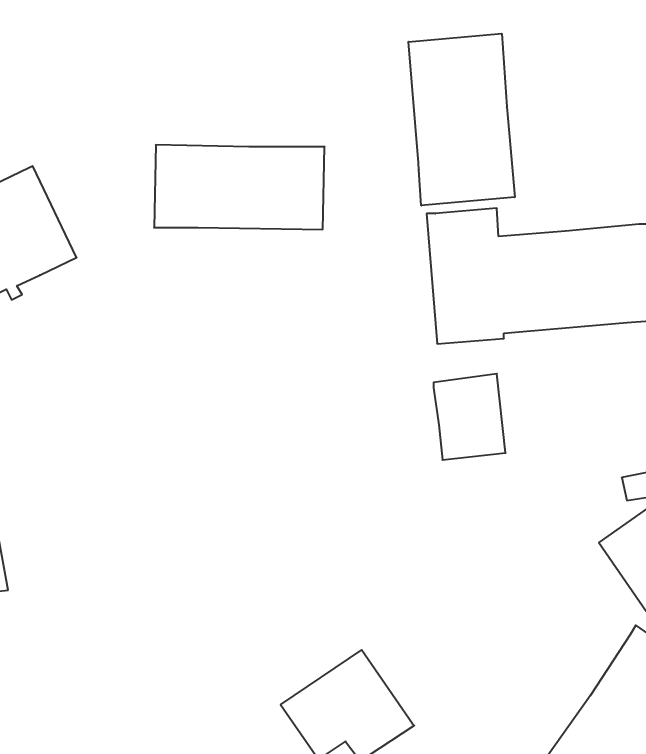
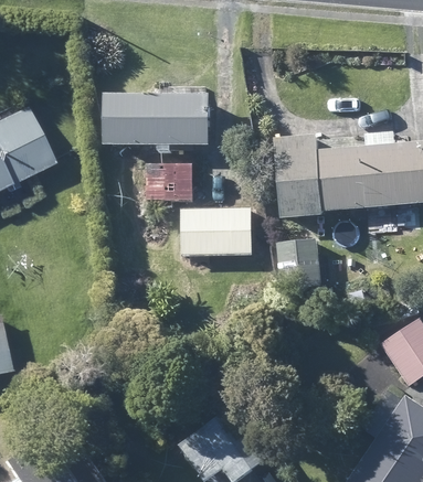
building: [408,34,515,206] -> none
building: none -> [145,162,194,201]
building: none -> [180,206,253,255]

